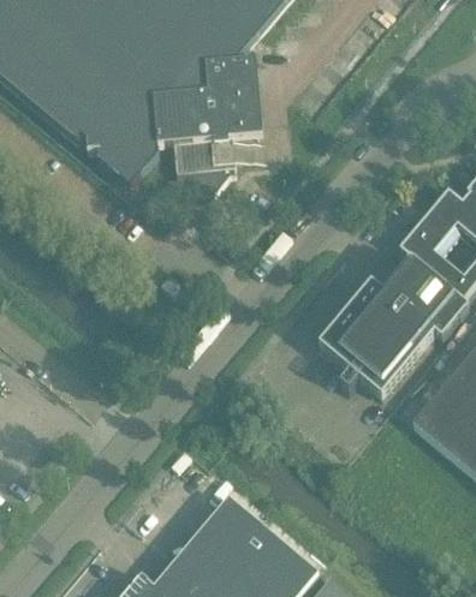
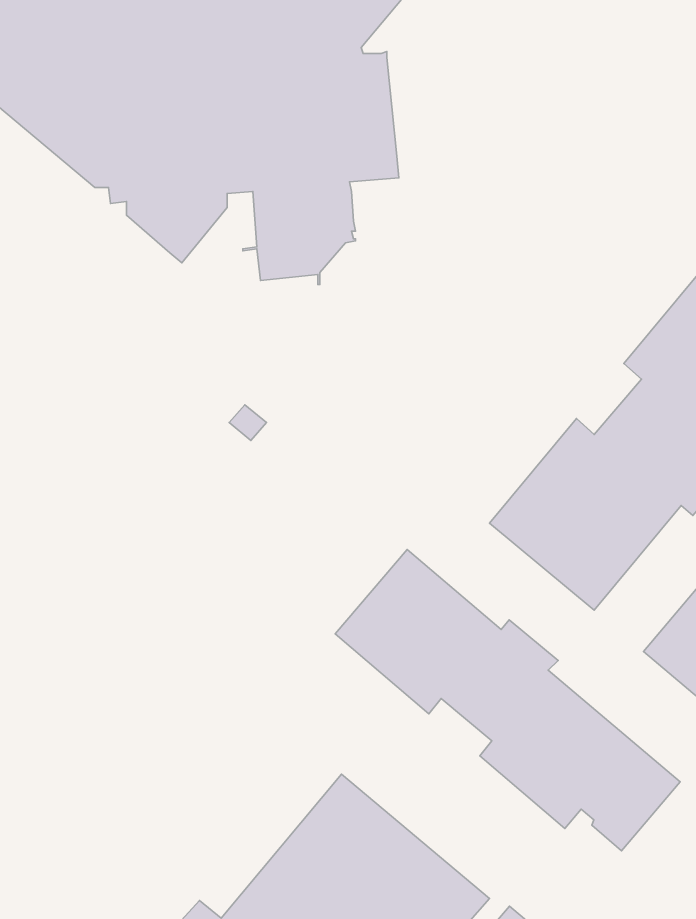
building: none -> [335,549,680,851]

